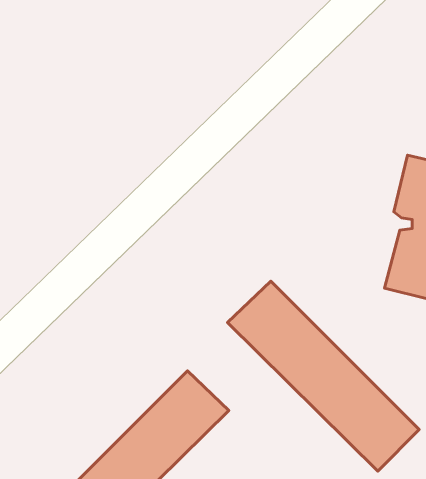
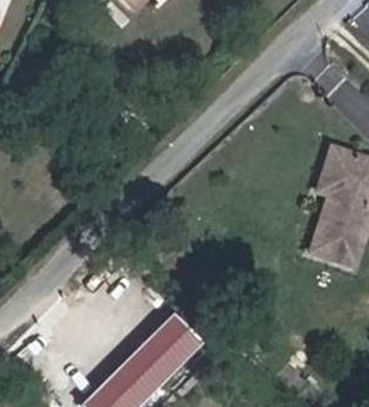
building: [228,281,419,471] -> none

